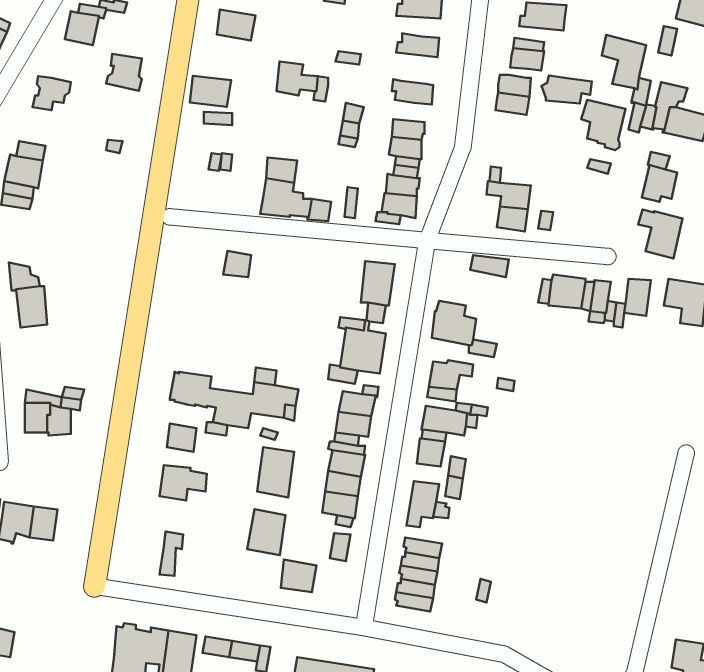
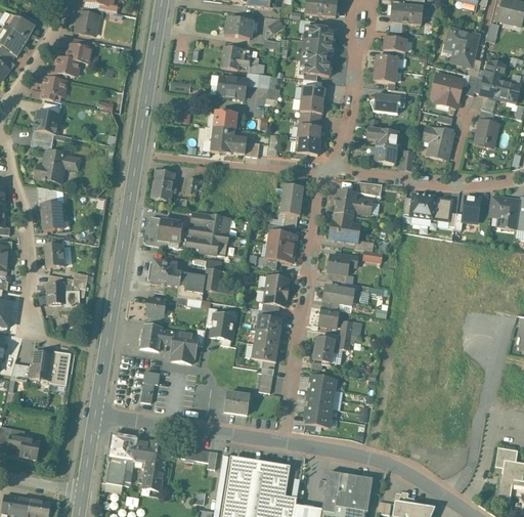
building: [217,10,255,41] -> [226,17,253,39]
building: none -> [303,40,334,61]
building: [106,54,142,91] -> [67,37,91,62]
building: [541,76,592,104] -> [370,93,405,113]
building: [190,76,231,107] -> [218,76,247,97]
building: none -> [42,76,67,101]
building: [638,210,682,258] -> [423,126,453,160]
building: none -> [41,152,81,182]
building: none -> [151,170,176,200]
building: none -> [335,189,373,215]
building: none -> [145,212,231,256]
building: none -> [45,244,64,266]
building: [247,509,286,555] -> [171,331,198,362]

